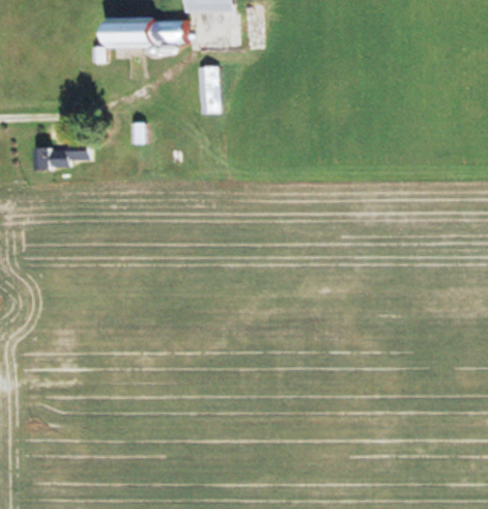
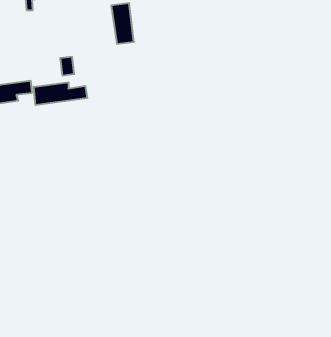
building: none -> [34,82,87,105]

